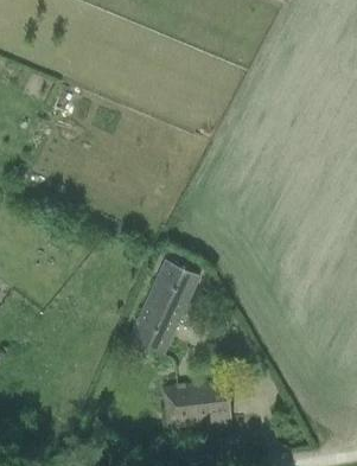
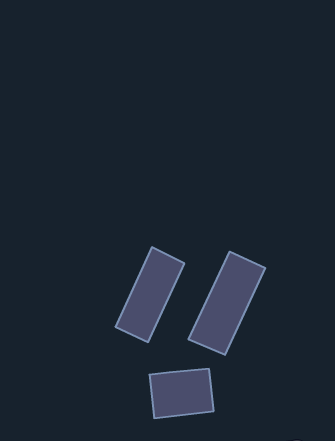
building: none -> [189,252,265,355]

